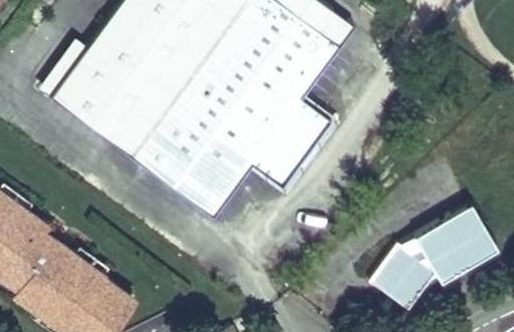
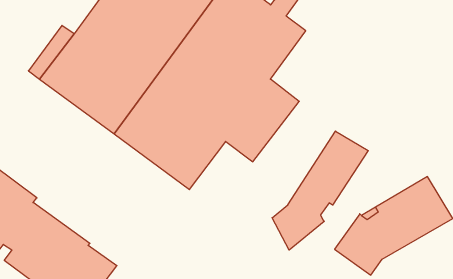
building: none -> [272,131,368,250]

